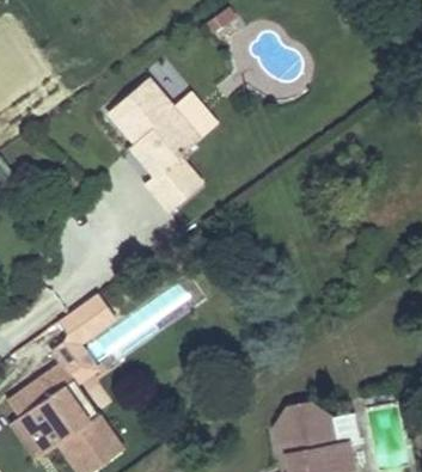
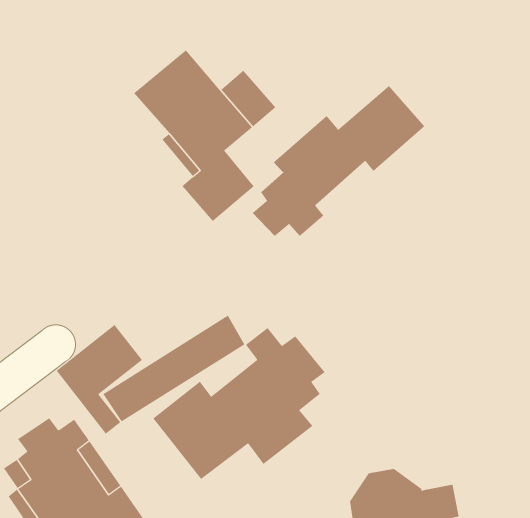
building: none -> [252,85,425,237]
building: none -> [153,327,325,480]

